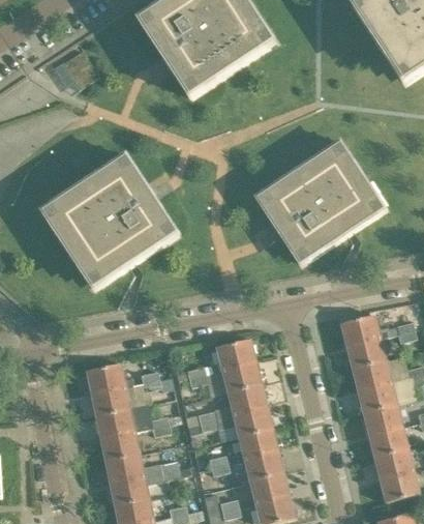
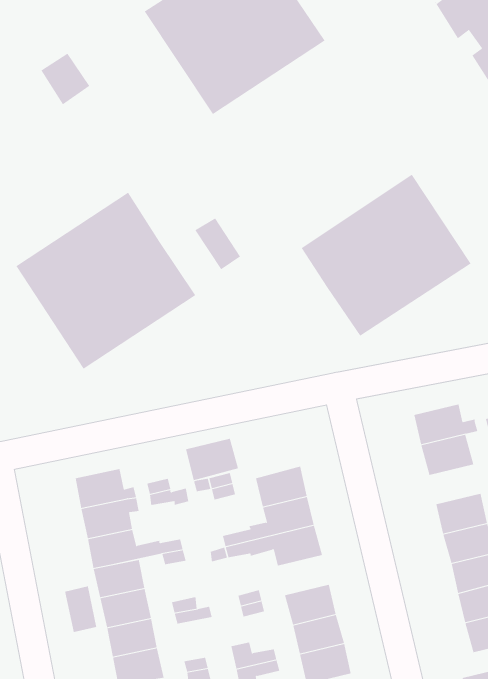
building: none -> [194,217,241,270]
building: [215,338,255,370] -> [185,438,239,481]
building: [352,359,391,389] -> none
building: [238,428,277,458] -> none
building: none -> [65,586,97,633]

